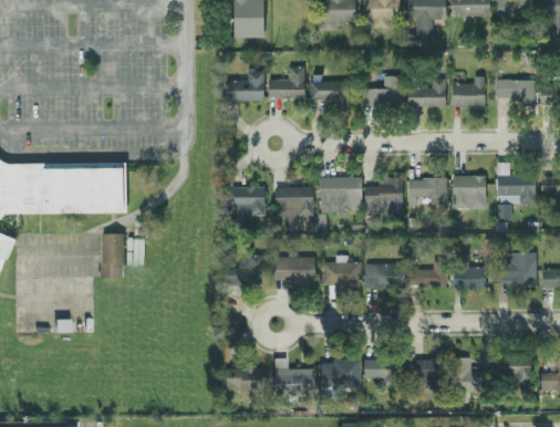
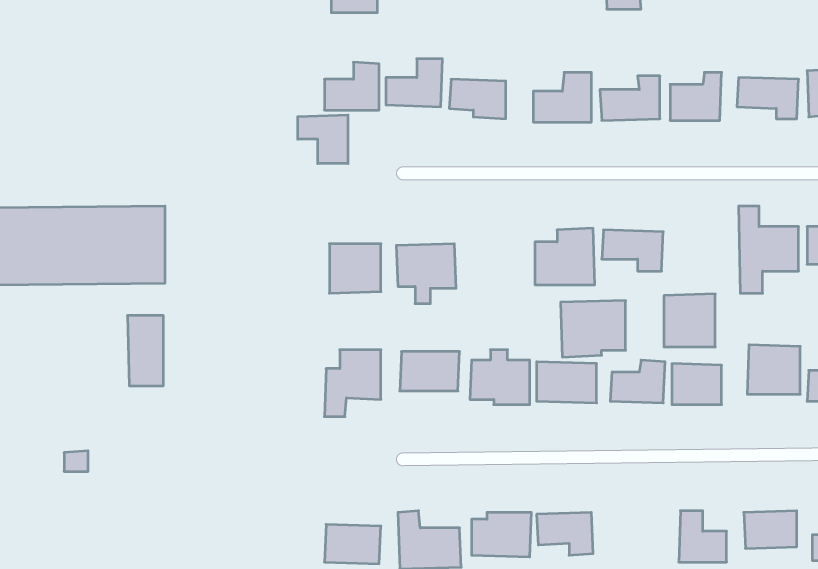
building: none -> [298,115,348,164]
building: [450,174,484,208] -> [664,294,715,347]
building: [318,176,360,212] -> [561,301,626,357]
building: [408,360,443,390] -> none

